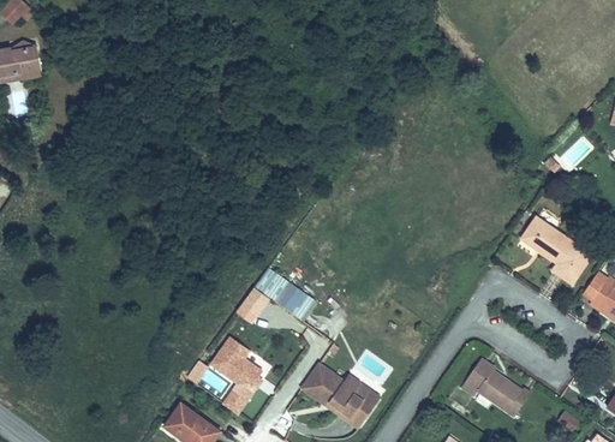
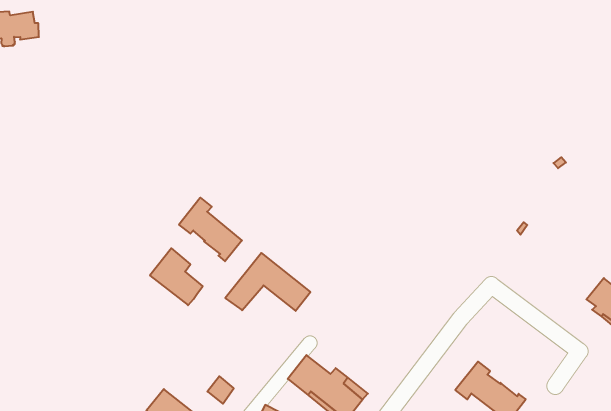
building: none -> [179,198,242,261]
building: [521,217,591,283] -> none
building: [210,336,262,390] -> [150,248,203,305]

